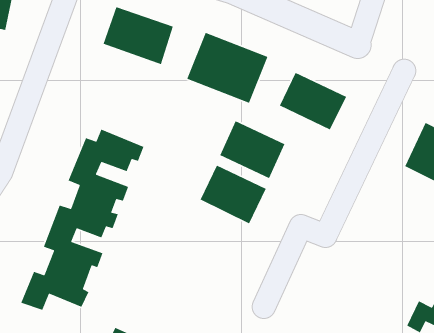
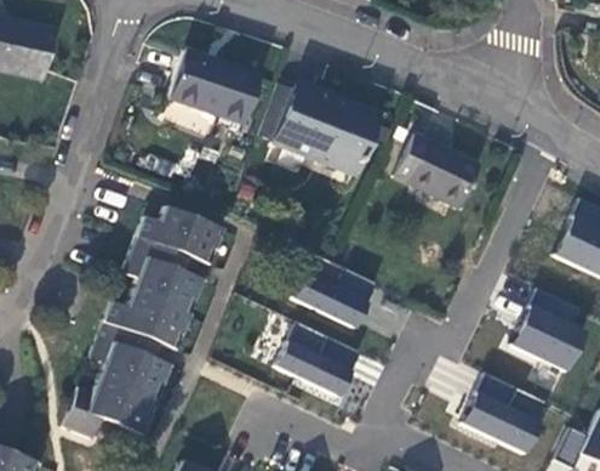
building: [219,120,286,179] -> [278,320,362,396]
building: none -> [512,286,587,370]
building: none -> [463,371,552,453]

